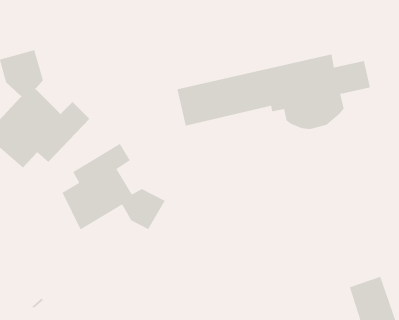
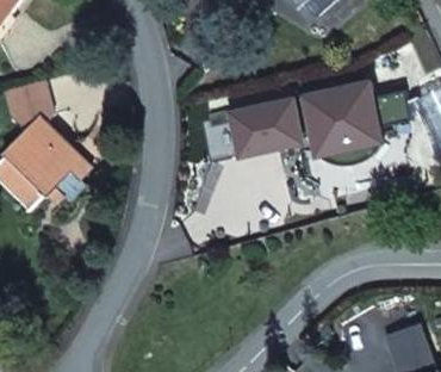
building: [61,143,166,230] -> none

